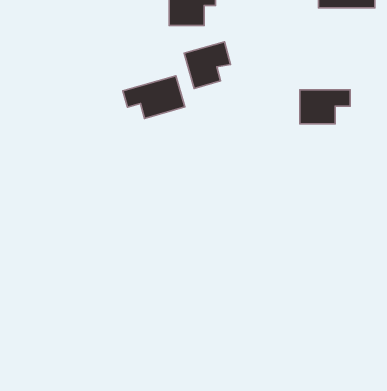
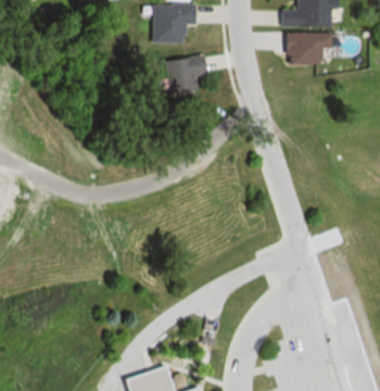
building: [123,76,185,118] -> none
building: [300,90,350,124] -> [287,33,330,62]

